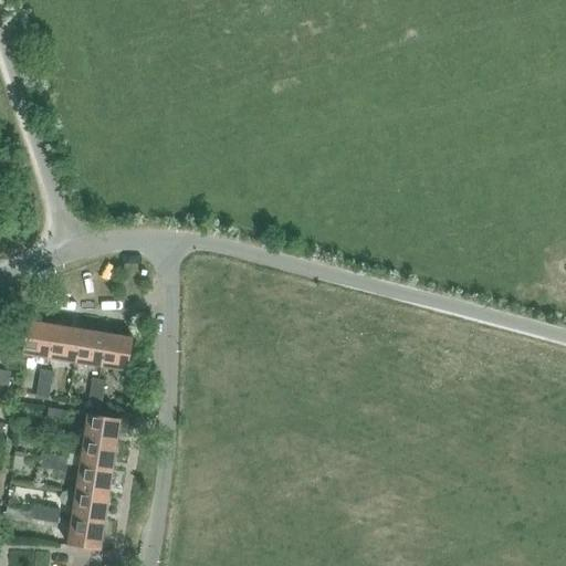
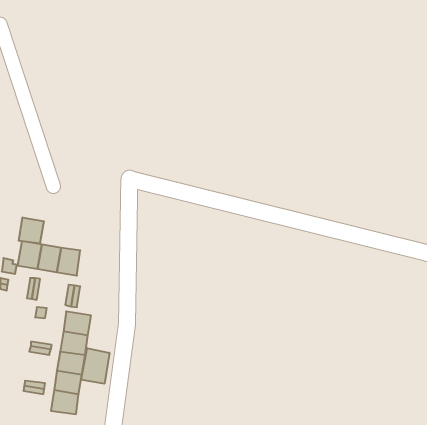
building: none -> [19,217,44,244]
building: [102,332,133,369] -> none
building: none -> [81,348,109,384]

